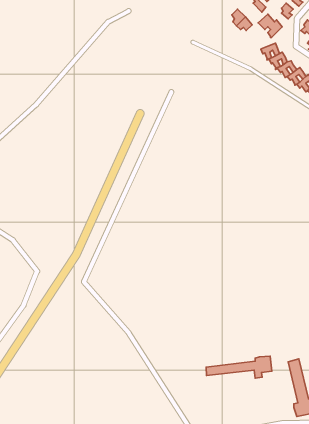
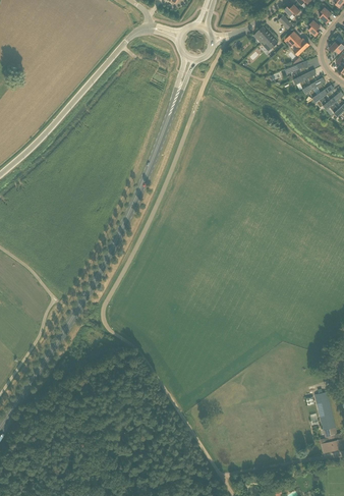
building: [206,356,272,378] -> none

